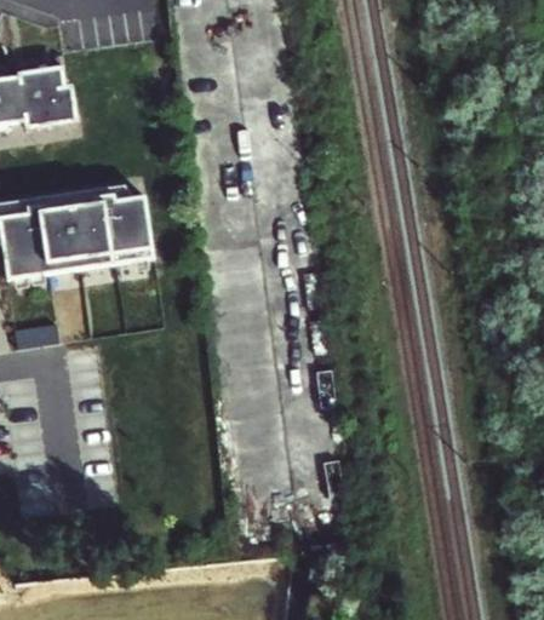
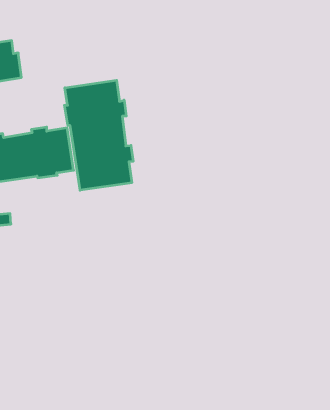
building: none -> [64,80,133,190]

